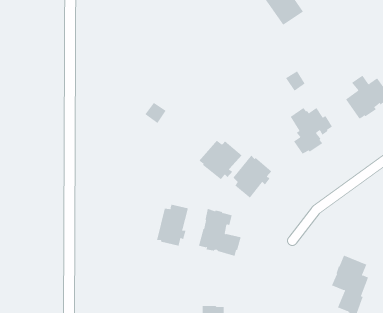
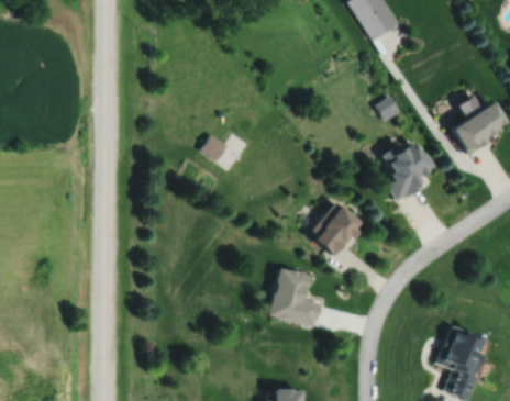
building: [198,140,243,180] -> none
building: [156,204,189,247] -> none

